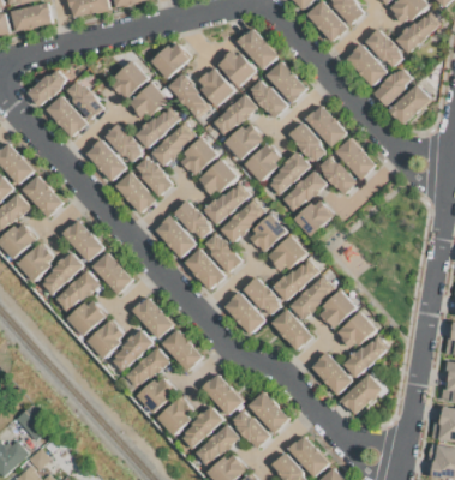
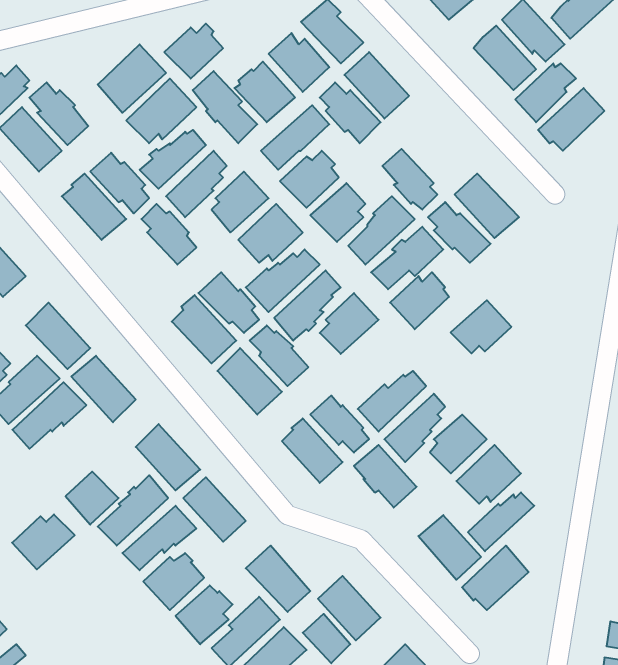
building: [305,104,346,146] -> none
building: [116,173,156,214] -> none
building: [268,236,306,270] -> [451,300,511,353]
building: [67,301,107,336] -> [12,514,75,569]

